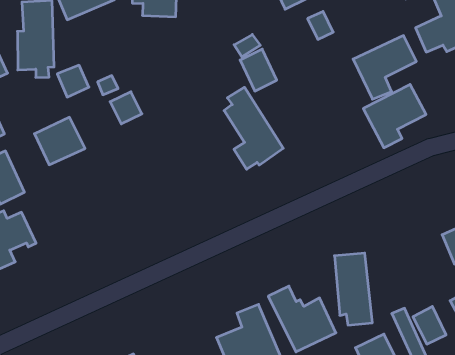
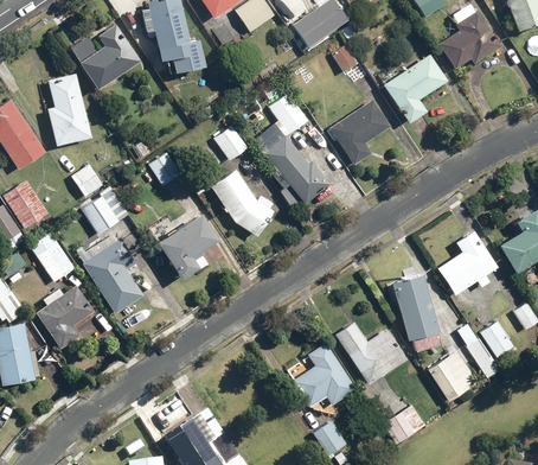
building: [57,65,89,97] -> [72,163,105,196]
building: none -> [214,122,250,159]
building: [363,84,426,148] -> [329,97,392,164]
building: none -> [210,170,271,234]
building: none -> [152,214,216,280]
building: none -> [81,237,141,313]
building: none -> [436,229,499,294]

